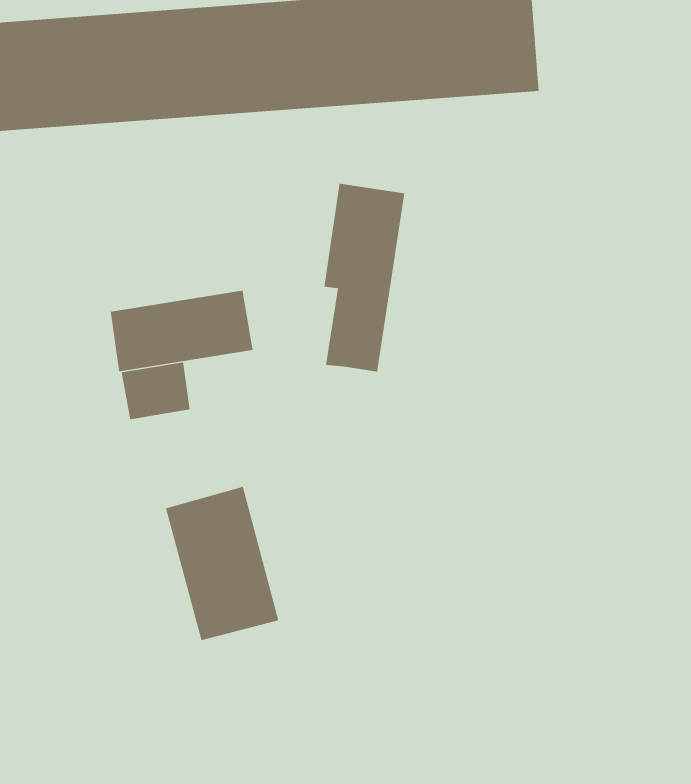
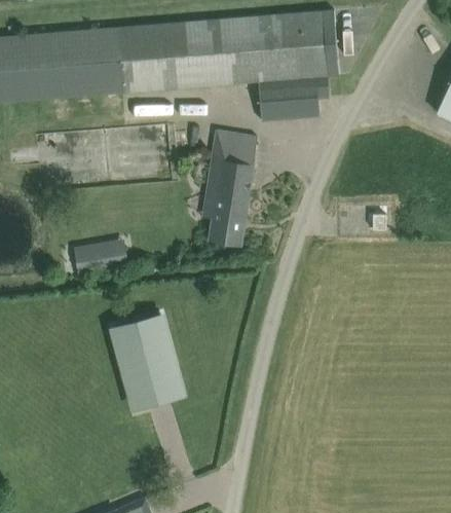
building: none -> [257,76,330,121]
building: [110,290,253,372] -> none

